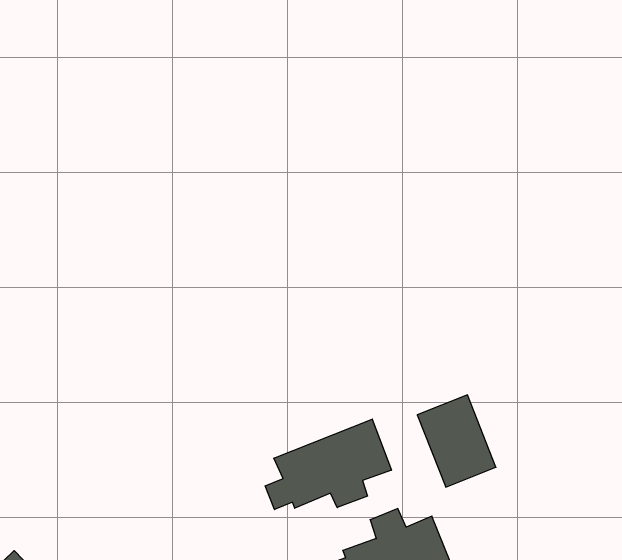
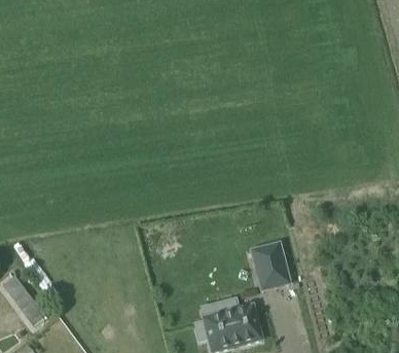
building: [265,419,391,510] -> none

